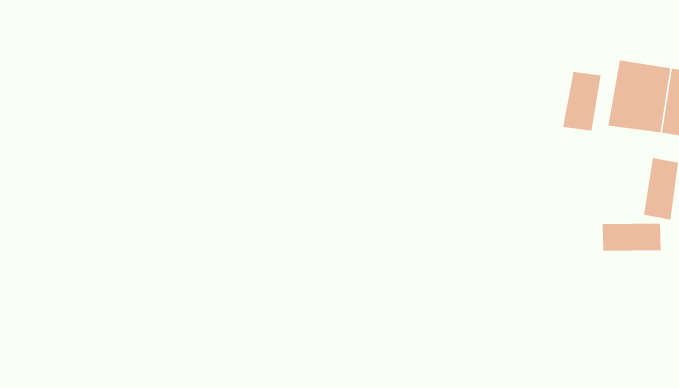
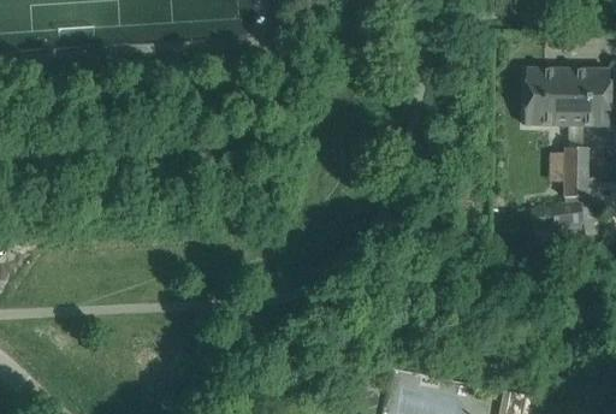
building: [563,71,601,131] -> none

